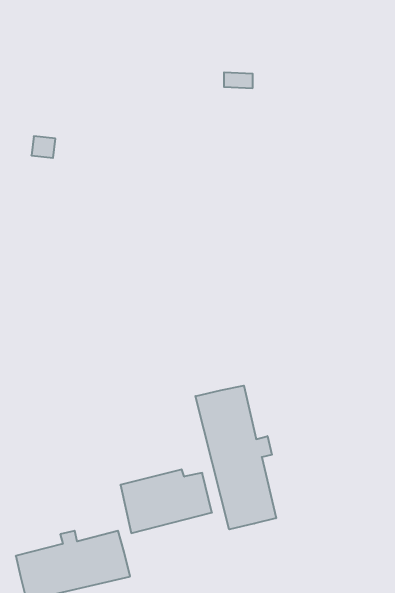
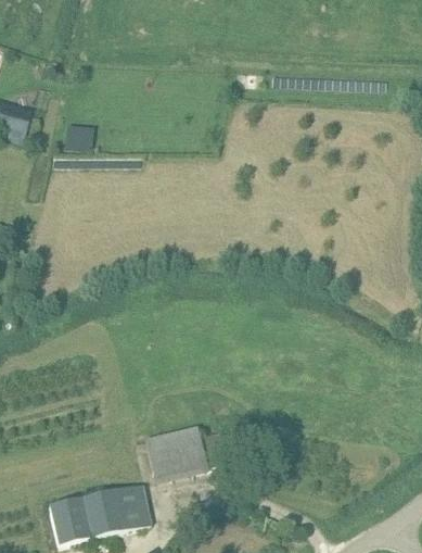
building: [195,386,276,529] -> none

